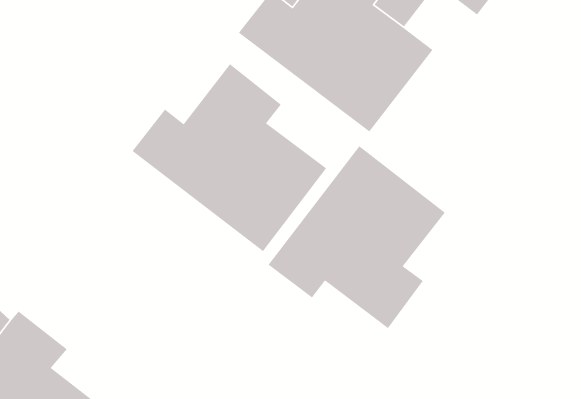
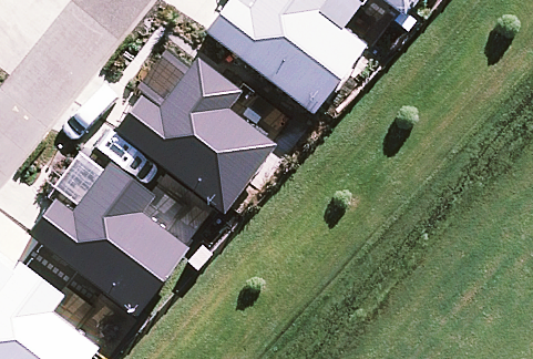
building: [267,145,446,329] -> none
building: none -> [28,161,191,315]

